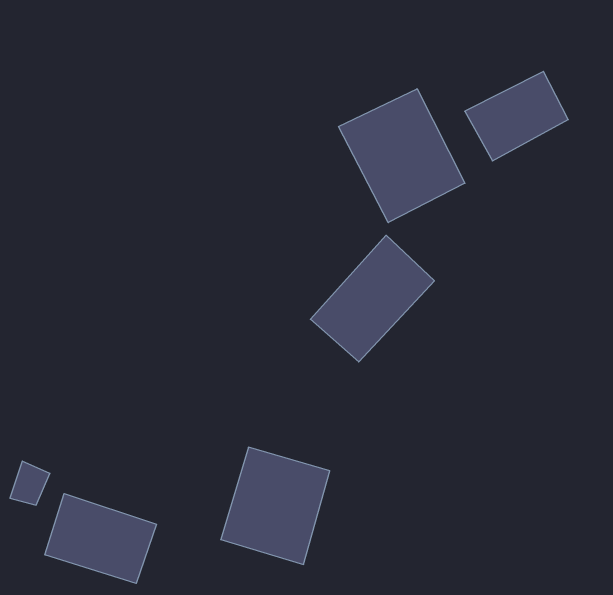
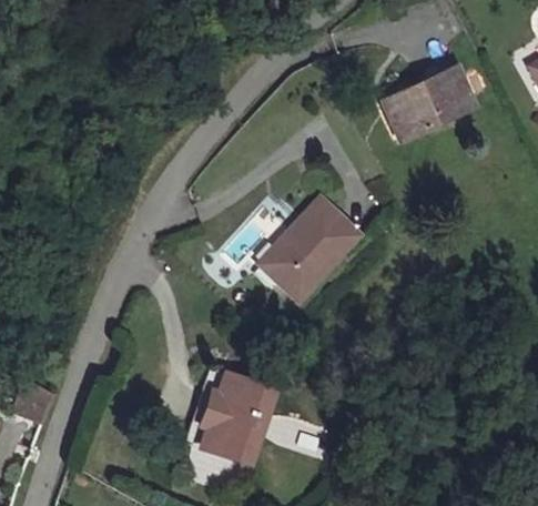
building: [339,89,465,223] -> none
building: [45,494,156,583] -> none

